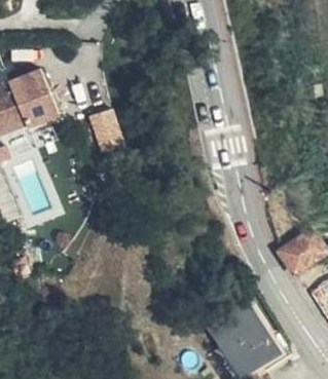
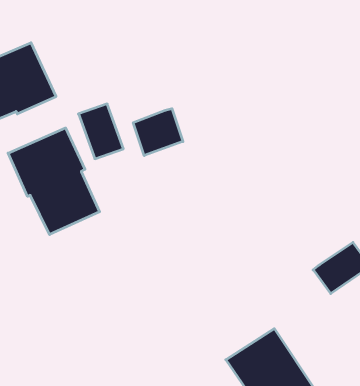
building: none -> [133,109,183,156]
building: none -> [8,128,100,235]

